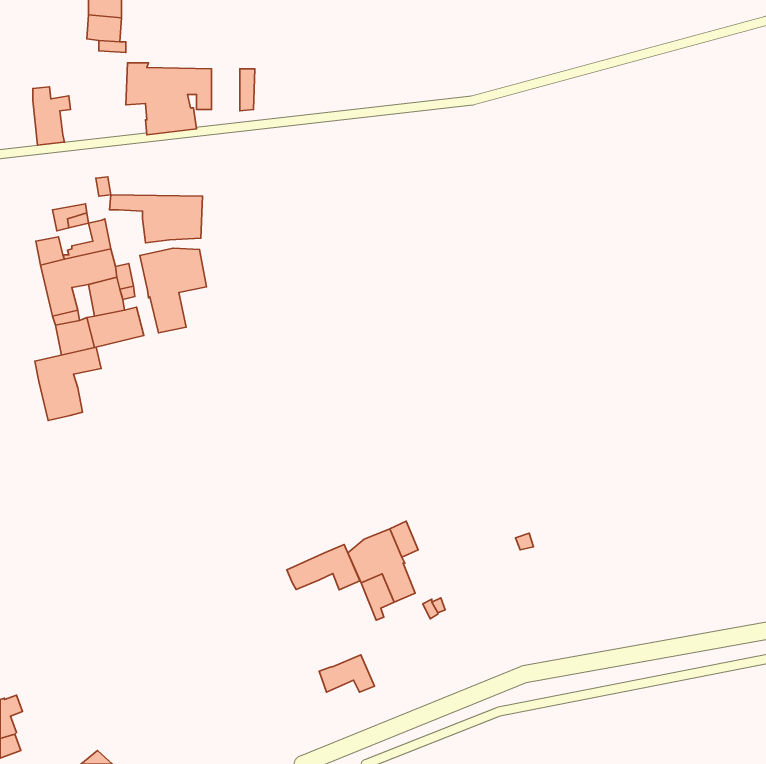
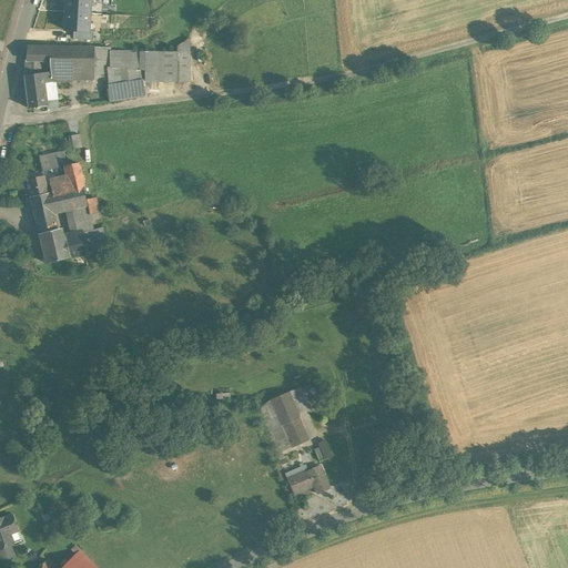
building: none -> [156,51,178,82]
building: [109,195,202,243] -> [26,45,94,81]
building: [140,248,206,333] -> none
building: [35,347,101,420] -> none
building: [287,545,360,590] -> none
building: [319,655,374,692] -> [287,465,328,493]

